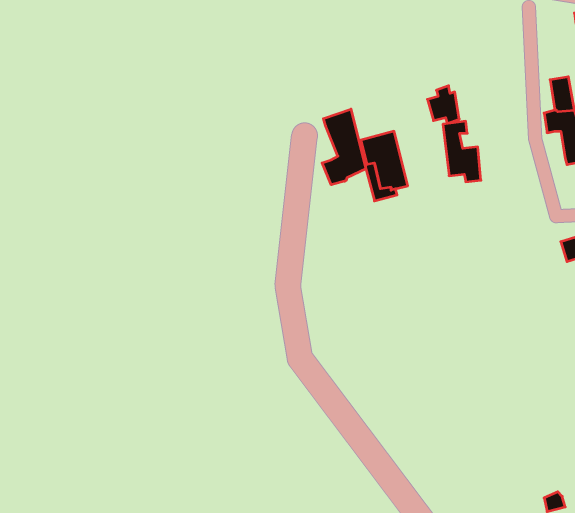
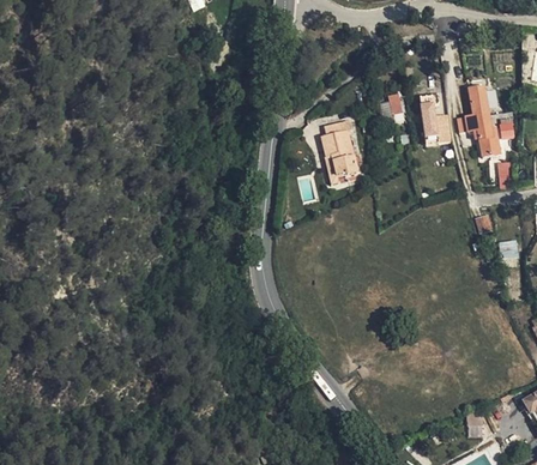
building: [322,109,366,185] -> none
building: [443,121,481,182] -> [417,93,447,141]

